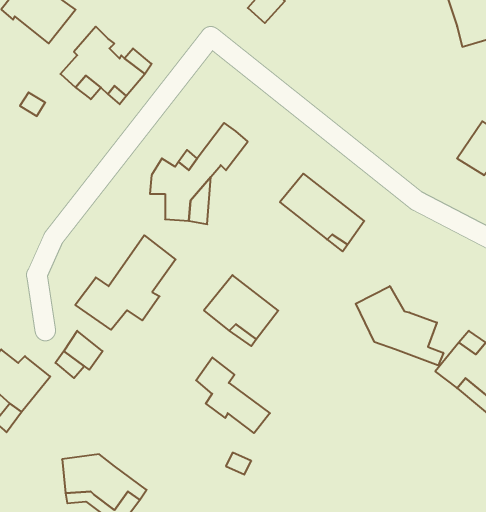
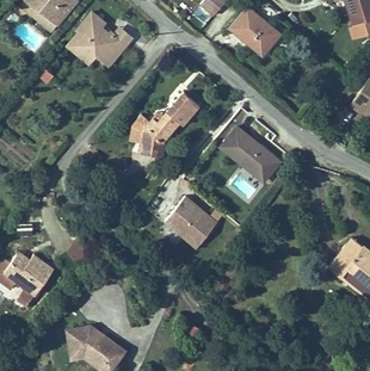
building: none -> [228,11,278,58]
building: [75,235,176,330] -> none
building: [356,286,443,365] -> none
building: [196,357,270,433] -> none

